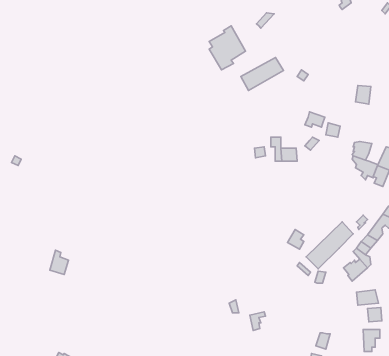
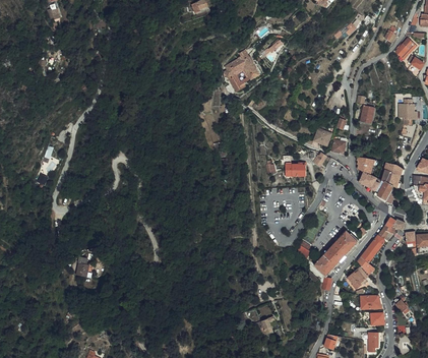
building: [241,57,283,90] -> none

